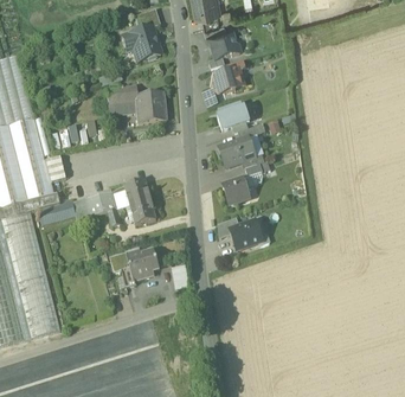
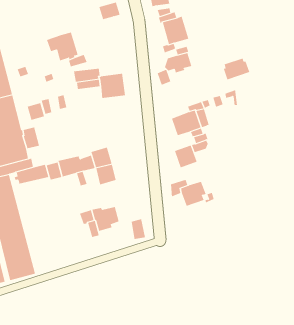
building: [122,30,160,64] -> [46,32,79,61]
building: [217,107,249,133] -> [223,58,250,80]

